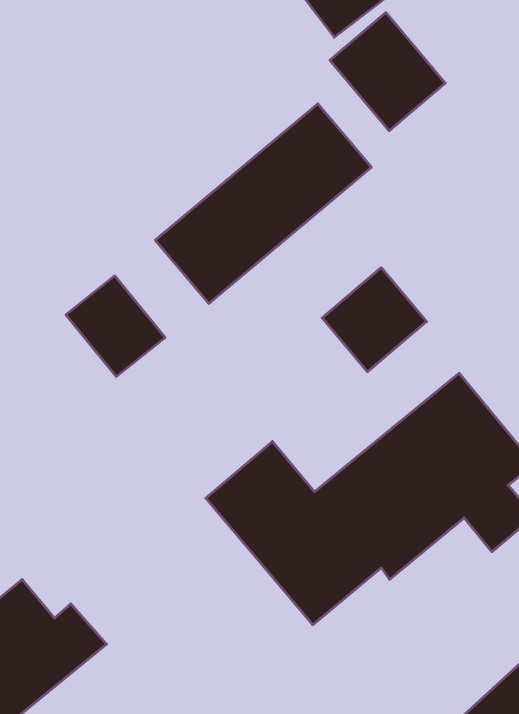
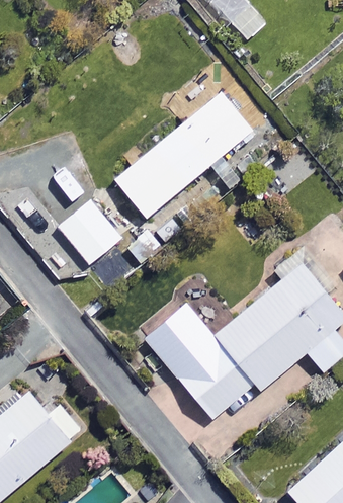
building: [330,13,445,131] -> none
building: [322,268,427,372] -> none

